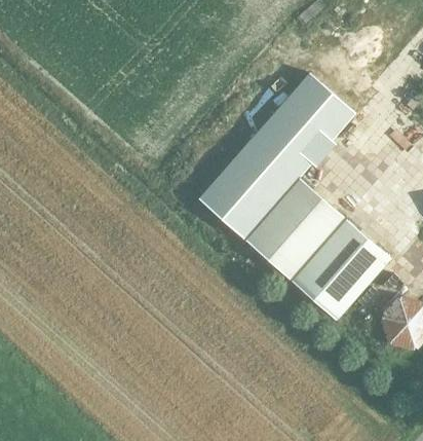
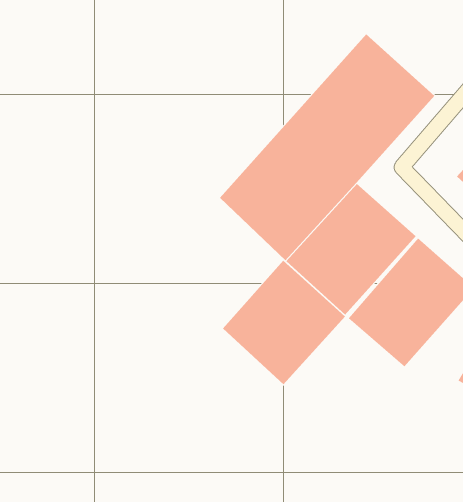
building: none -> [222,260,346,385]

